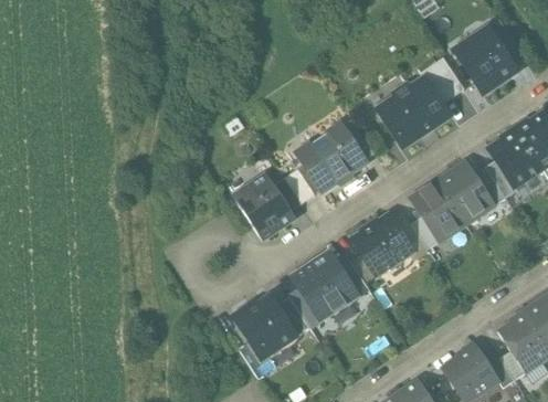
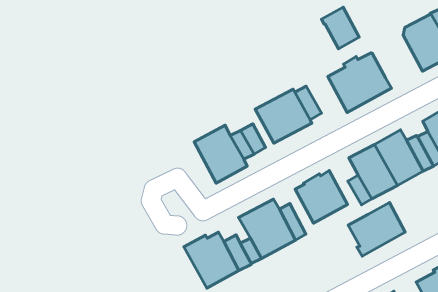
building: [420,56,464,104] -> [322,7,359,49]
building: none -> [348,203,405,256]

